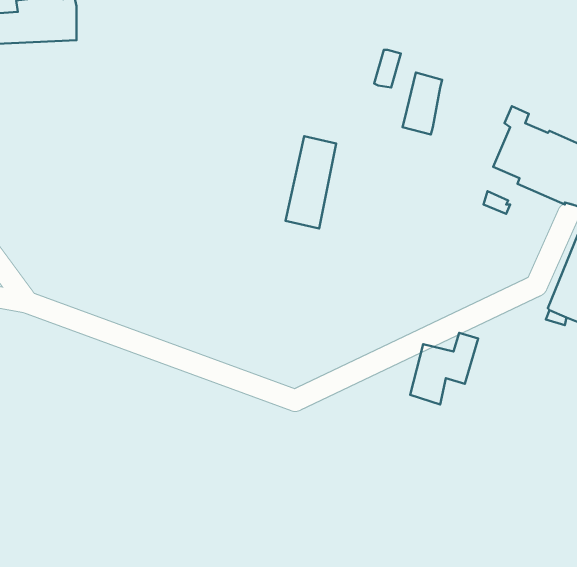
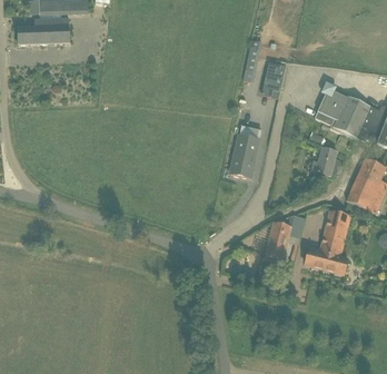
building: [285,136,336,229] -> [230,124,260,178]
building: none -> [311,147,338,176]
building: none -> [305,209,350,274]

